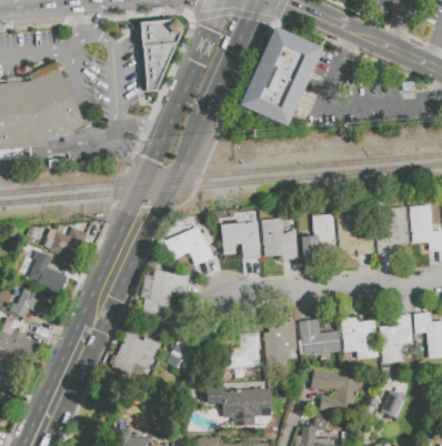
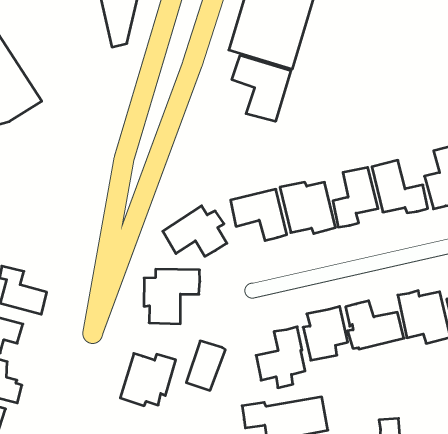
building: none -> [232,55,291,121]
building: [44,222,89,260] -> none
building: [311,368,360,415] -> none

